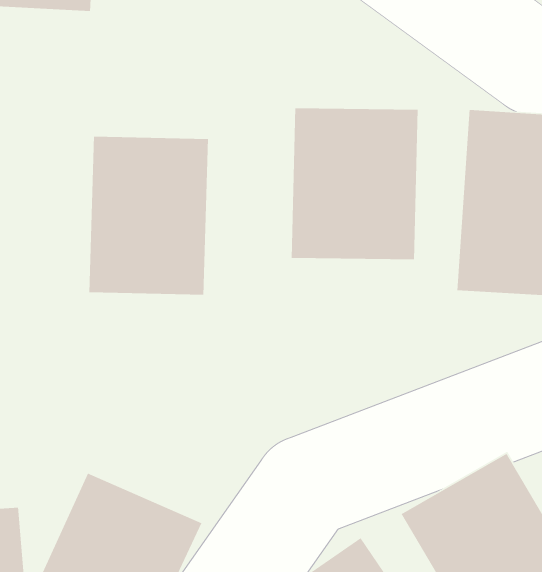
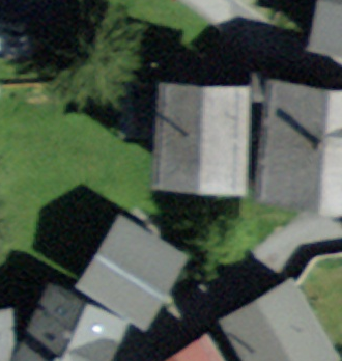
building: [89,136,209,296] -> none
building: none -> [92,222,187,313]

